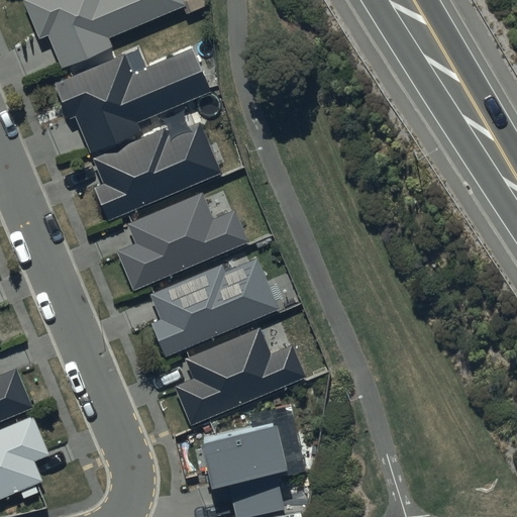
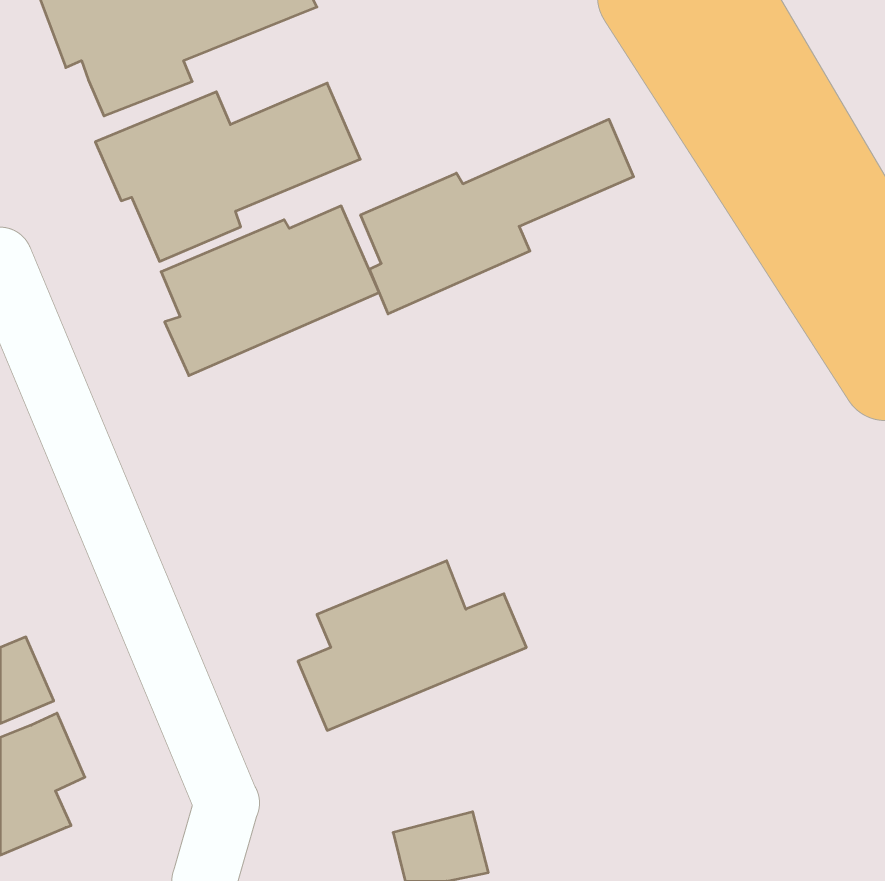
building: none -> [361,119,634,314]
building: [119,193,249,290] -> none
building: [149,260,280,356] -> none
building: [202,428,289,491] -> none

